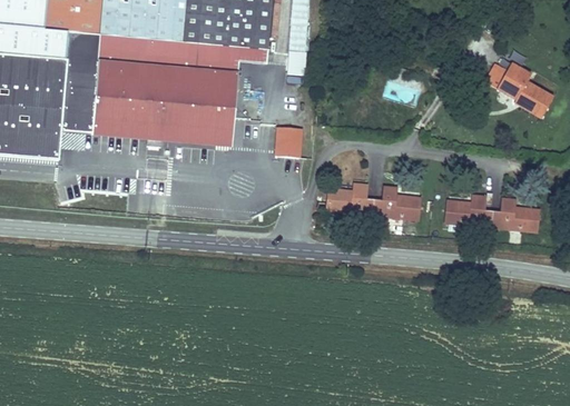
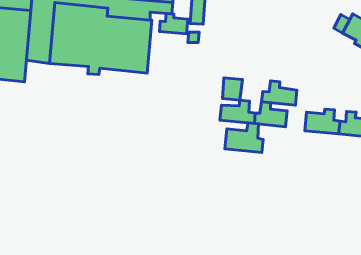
building: none -> [160,13,188,34]
building: [274,127,302,158] -> [222,78,242,100]
building: none -> [262,81,297,105]
building: none -> [225,123,263,152]

